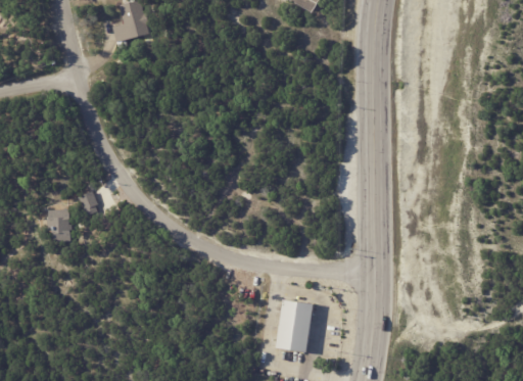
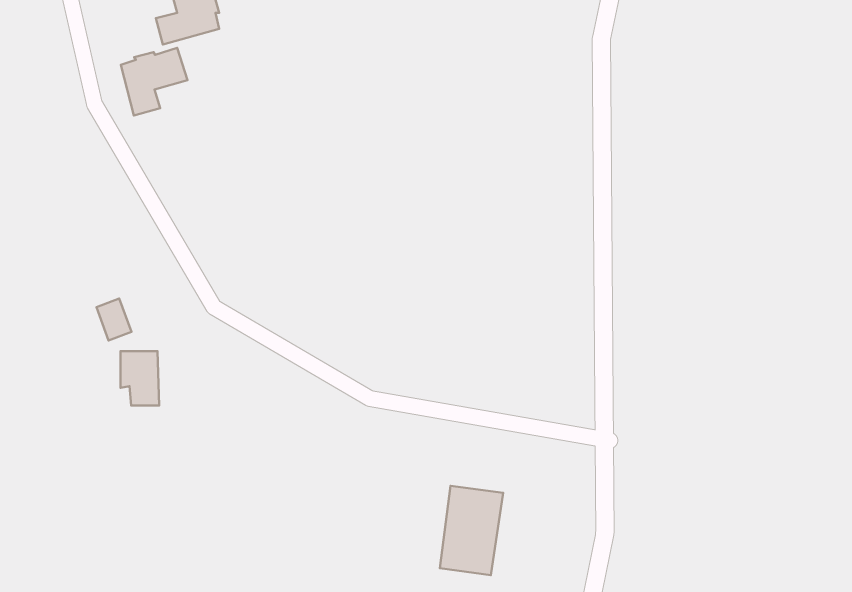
building: none -> [121,48,187,115]
building: [47,208,69,240] -> [121,351,159,405]

